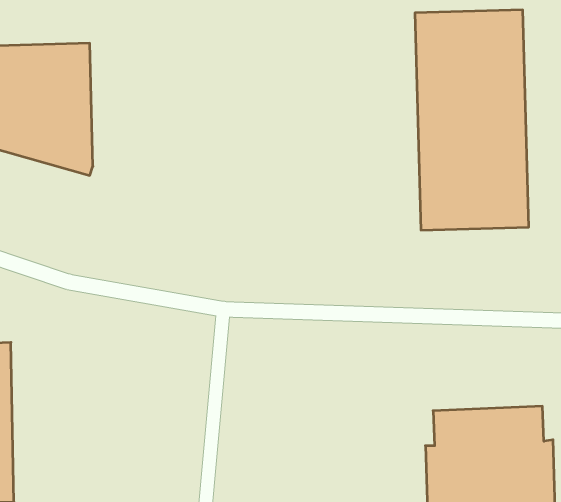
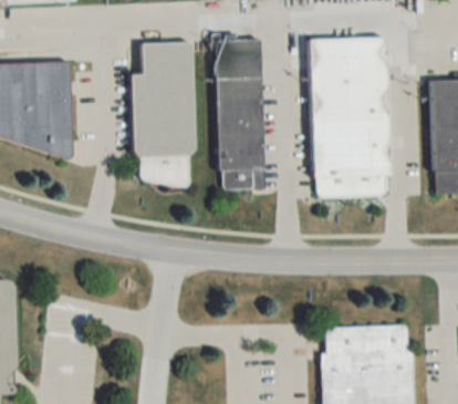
building: none -> [216,39,264,190]
building: none -> [132,42,194,184]

